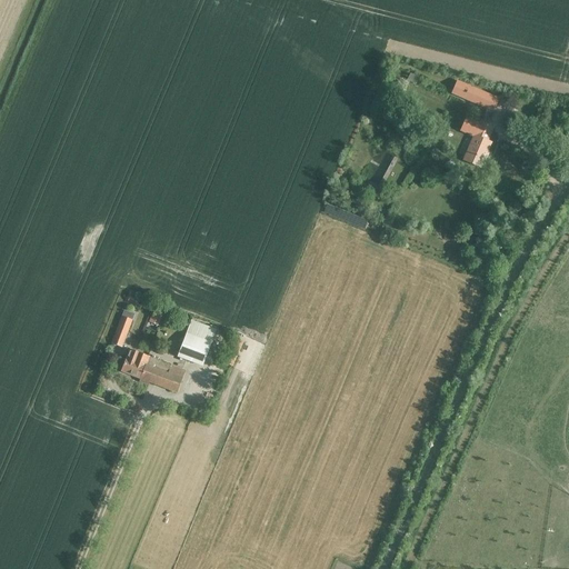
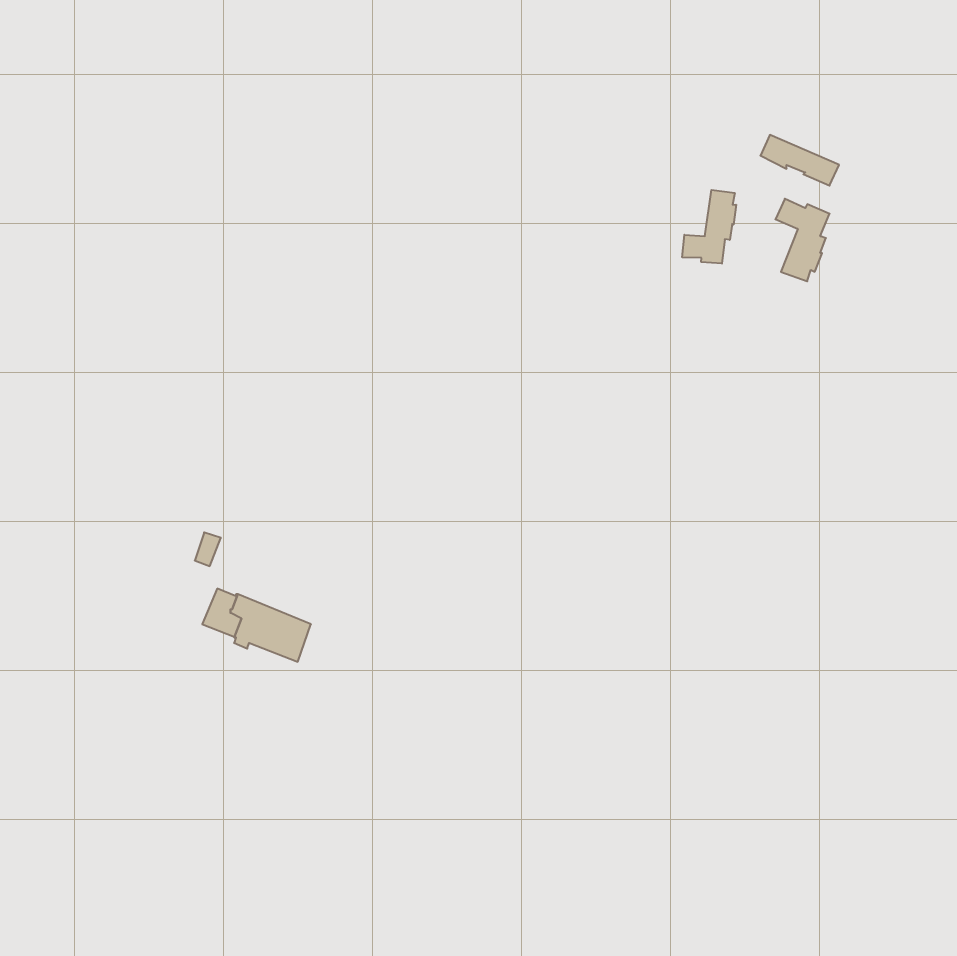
building: none -> [682,190,736,264]
building: [177,320,216,366] -> none

